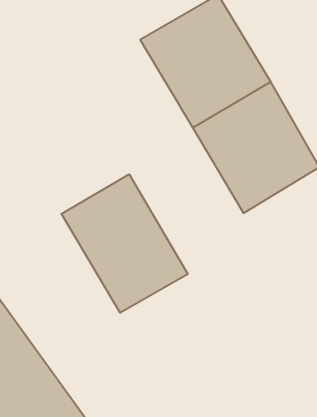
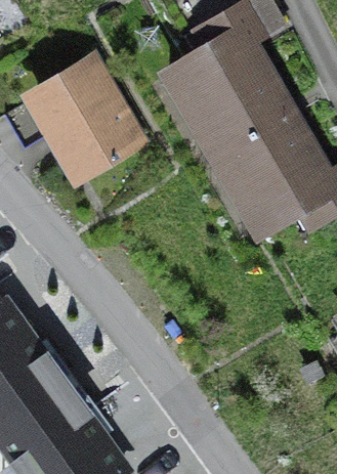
building: none -> [33,59,158,196]
building: [61,174,188,313] -> none

